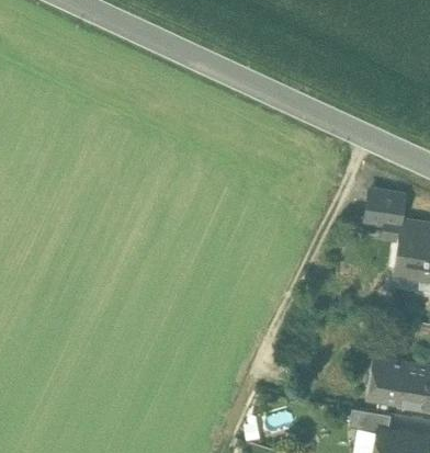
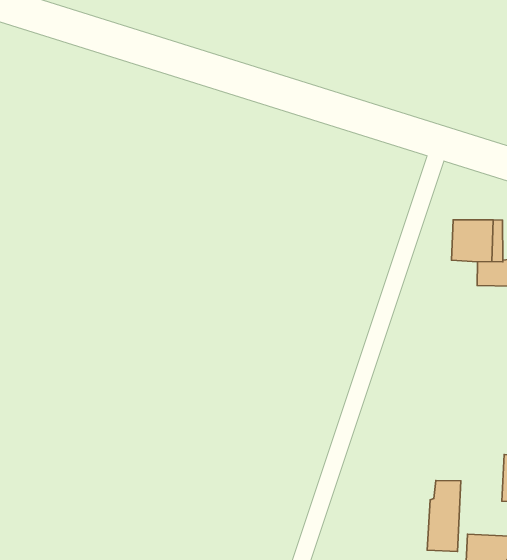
building: none -> [427,481,461,551]

